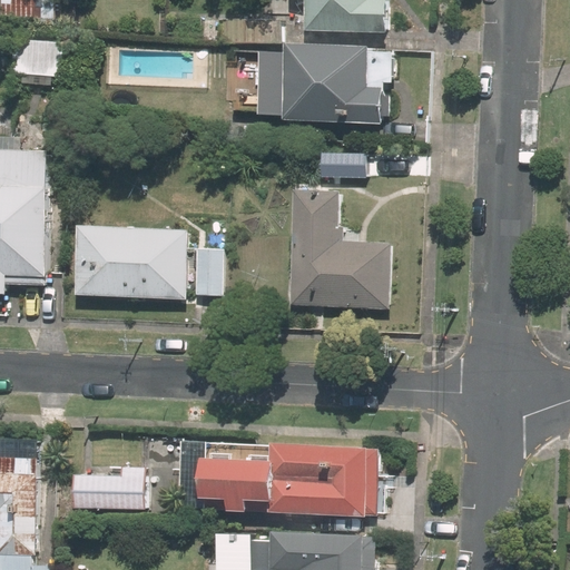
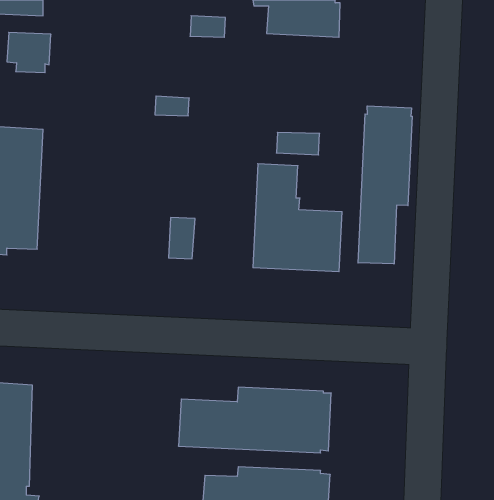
building: [271,49,392,130] -> none
building: none -> [358,106,412,264]
building: [72,223,185,298] -> none
building: [71,465,146,510] -> none

